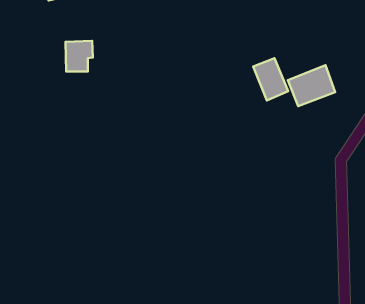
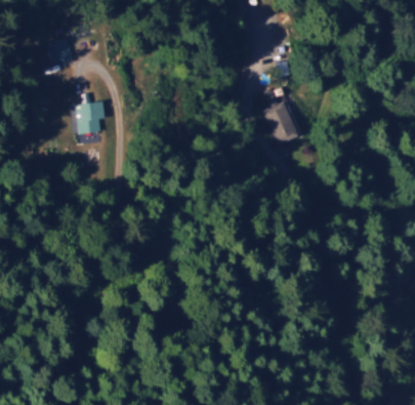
building: [288,65,335,106] -> none

